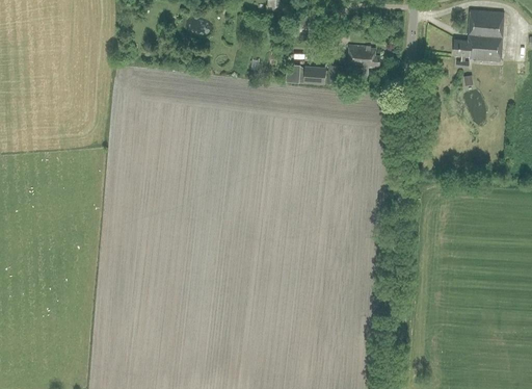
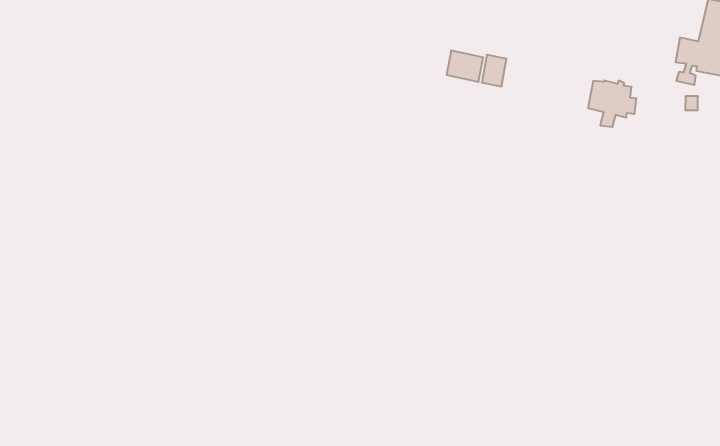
building: [347,45,378,76] -> [588,80,636,127]

